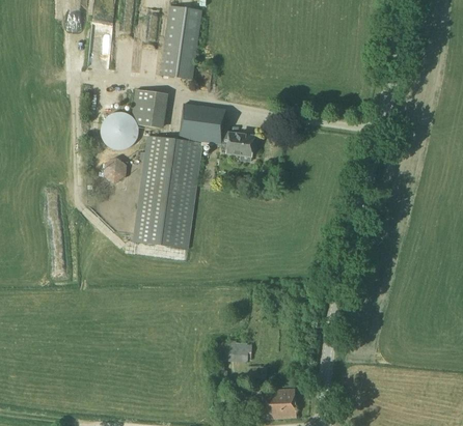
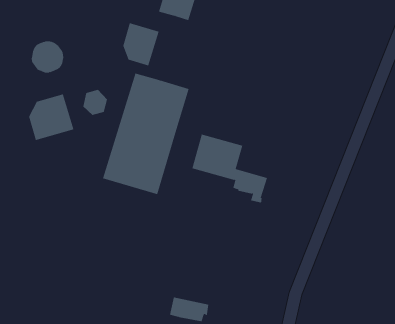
building: [181,104,254,161] -> [191,134,268,203]
building: [107,116,138,147] -> [31,41,64,73]
building: none -> [28,93,74,141]

